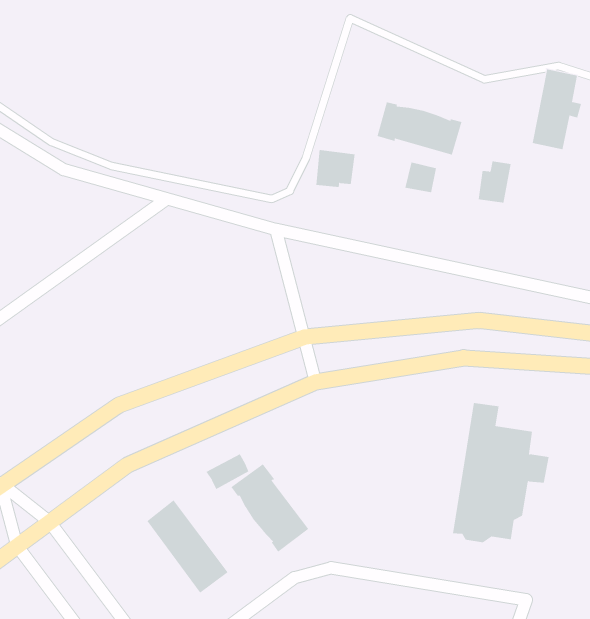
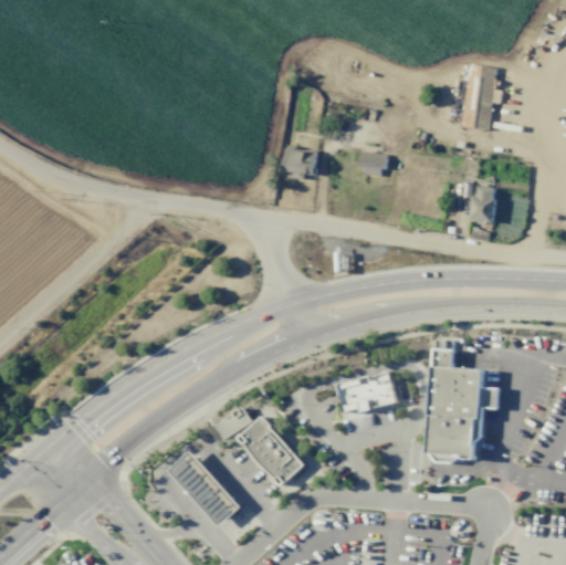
building: [377,101,462,155] -> none
building: [478,161,512,203] -> [471,188,496,222]
building: none -> [338,372,398,414]

